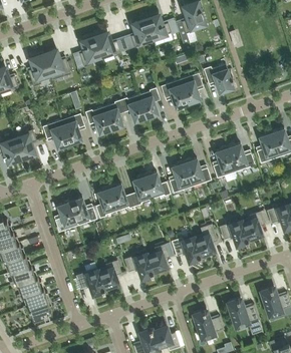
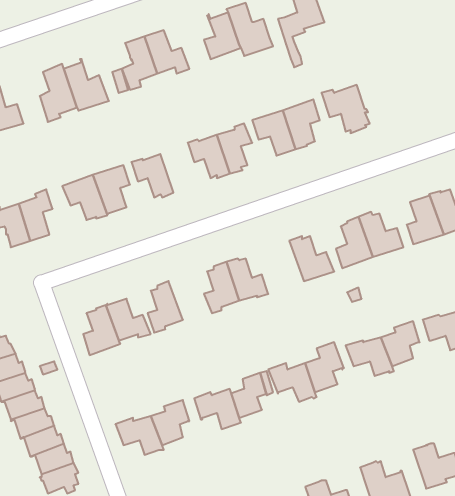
building: [103,99,124,130] -> none
building: [170,160,193,193] -> none
building: [108,184,135,210] -> none

